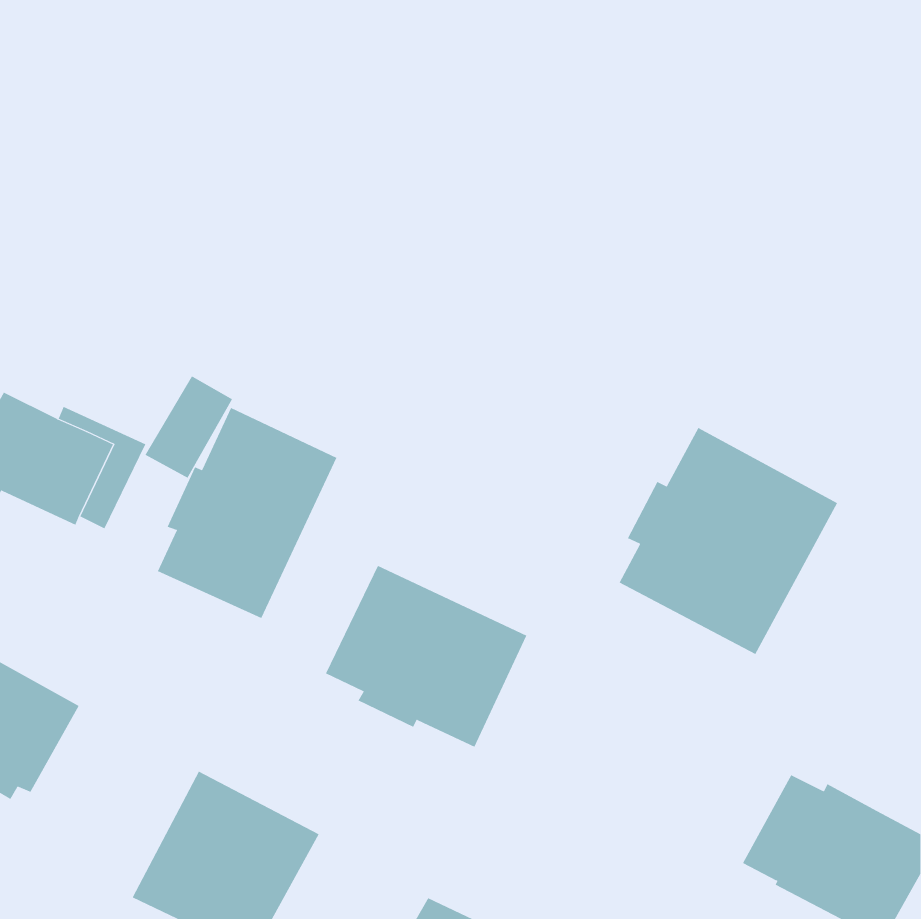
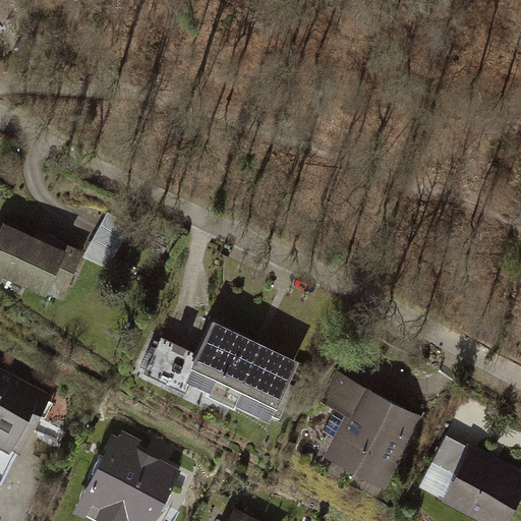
building: [157,407,337,619] -> none
building: [619,427,838,655] -> none
building: none -> [321,373,422,490]

